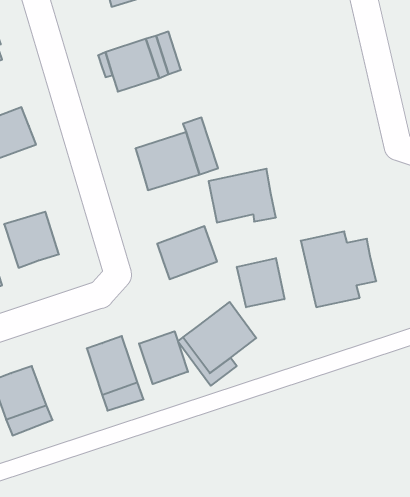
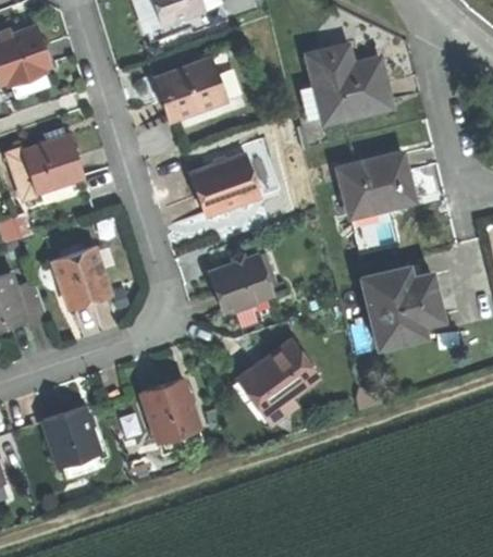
building: none -> [312,46,392,120]
building: [209,169,276,223] -> [343,152,414,209]
building: [237,258,284,307] -> none
building: [139,331,188,384] -> none

